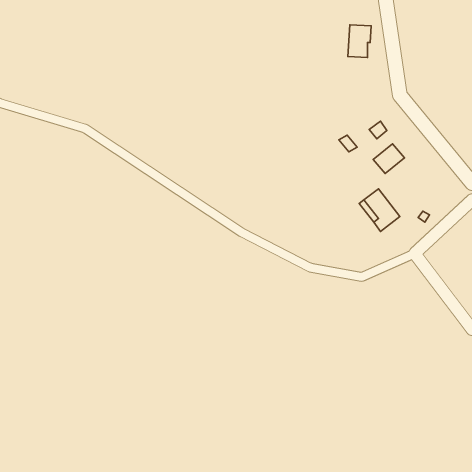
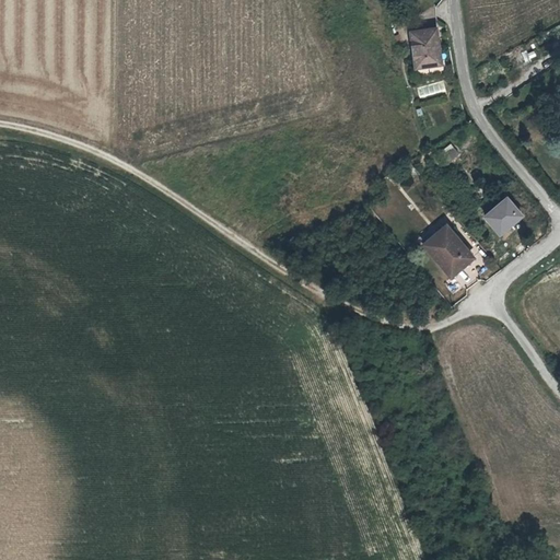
building: [373,144,404,173] -> [487,199,524,234]

